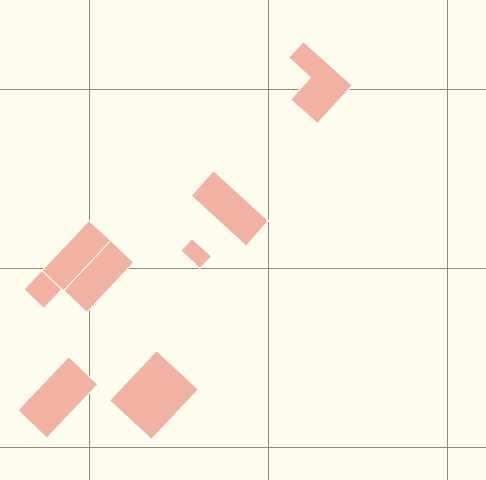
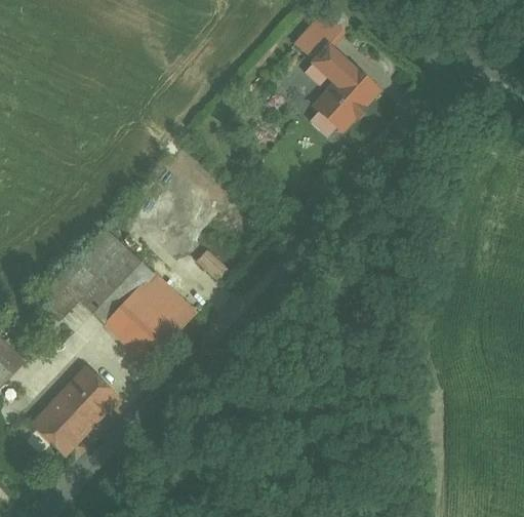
building: none -> [294,12,342,62]
building: [191,171,269,246] -> none
building: [110,351,199,439] -> [105,272,196,363]

